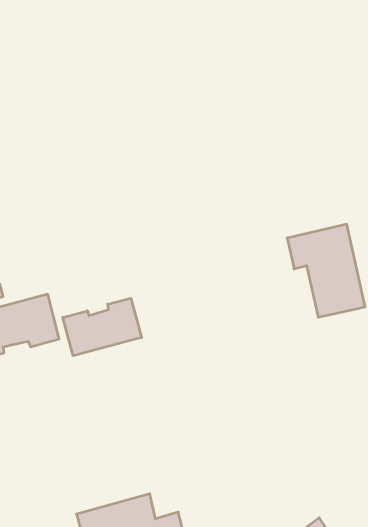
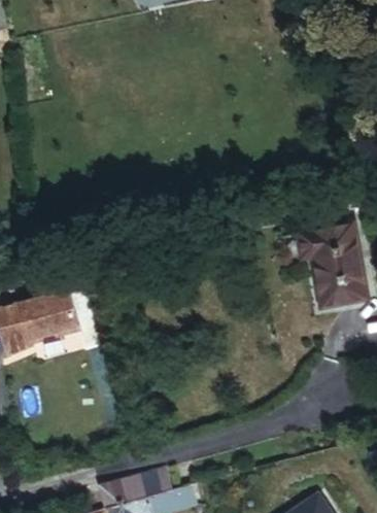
building: [63,298,142,356] -> none

